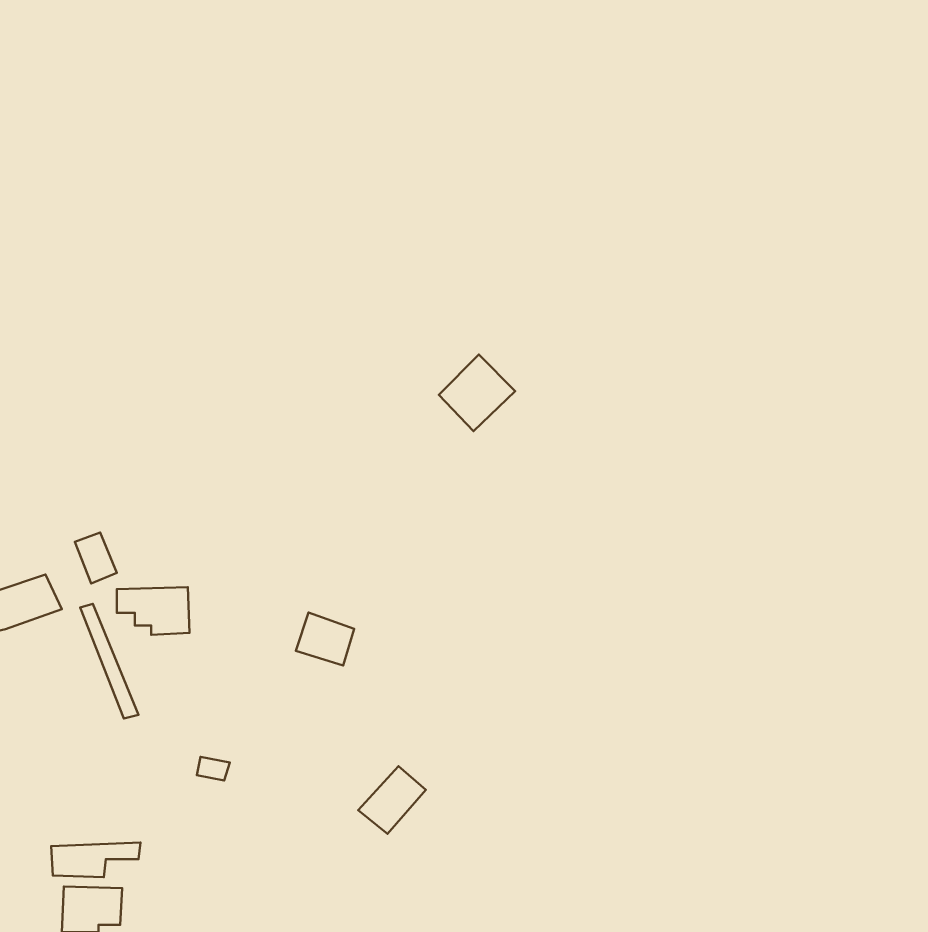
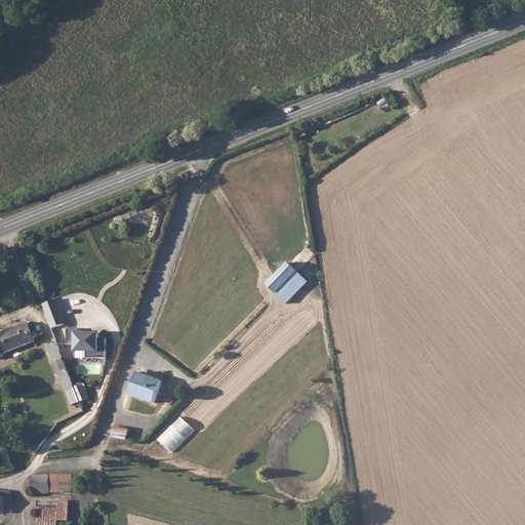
building: [439,355,515,431] -> [265,260,308,304]
building: [296,612,354,665] -> [129,373,162,403]
building: [358,766,426,834] -> [155,415,193,453]

